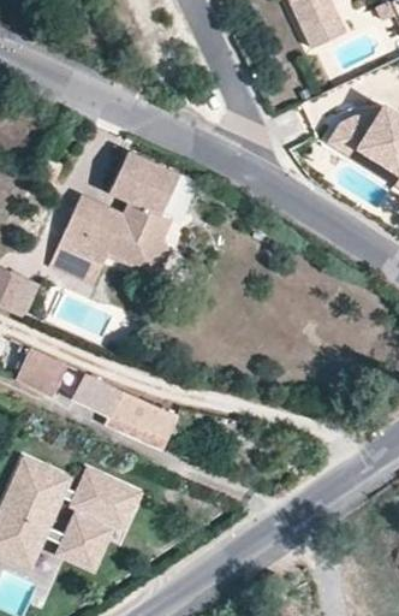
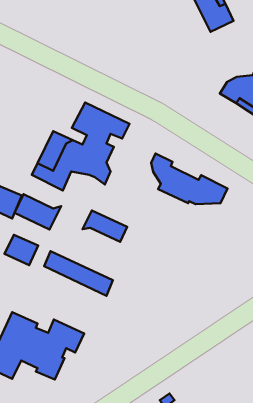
building: none -> [151,153,228,204]
building: none -> [14,194,61,230]
building: none -> [83,210,127,242]

